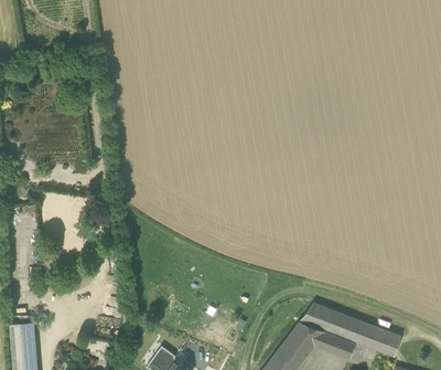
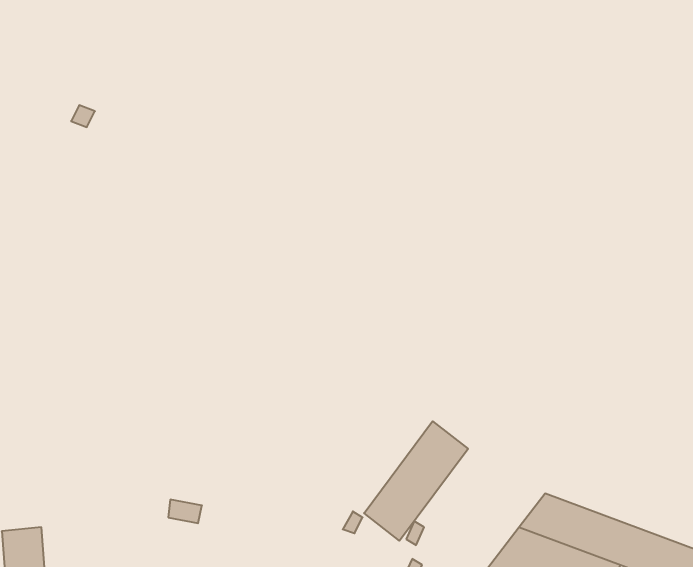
building: none -> [364,421,468,541]

